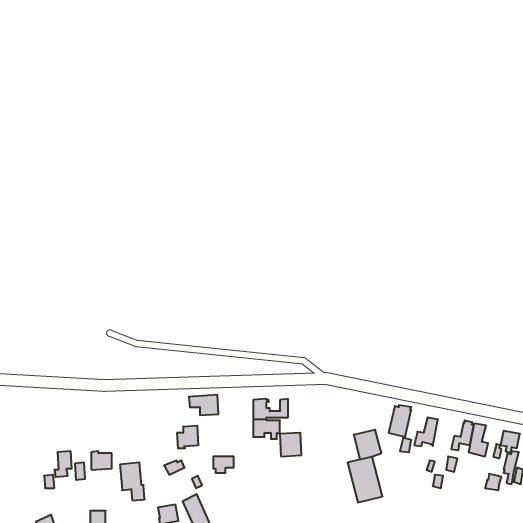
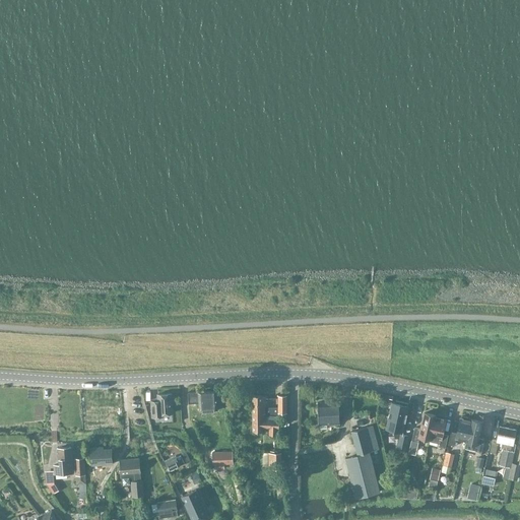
building: none -> [429,416,447,449]
building: [177,426,198,448] -> [150,395,172,417]
building: [280,433,301,456] -> [317,402,338,426]

